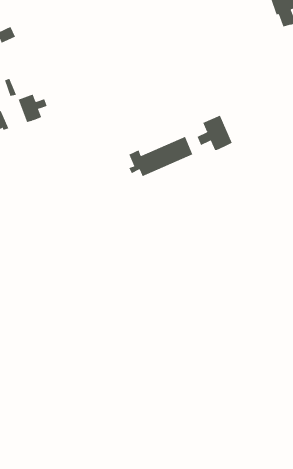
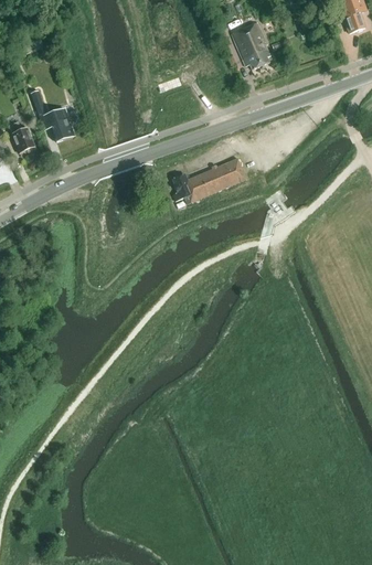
building: none -> [231,20,269,68]
building: [197,115,232,151] -> none

